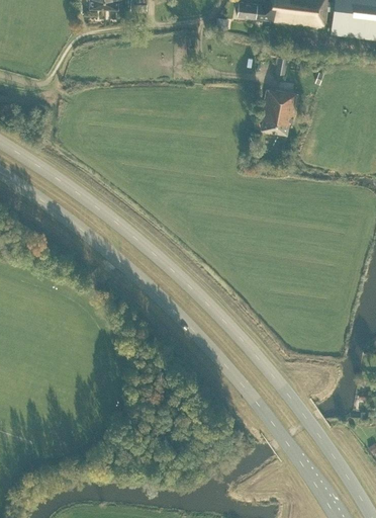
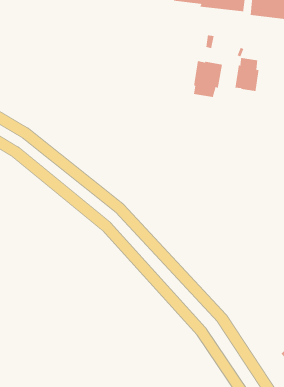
building: none -> [235,57,259,92]

